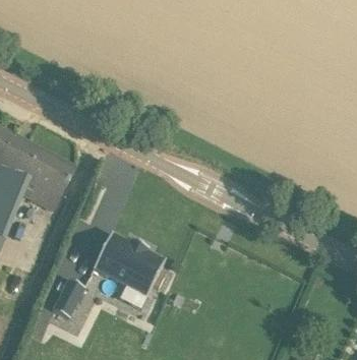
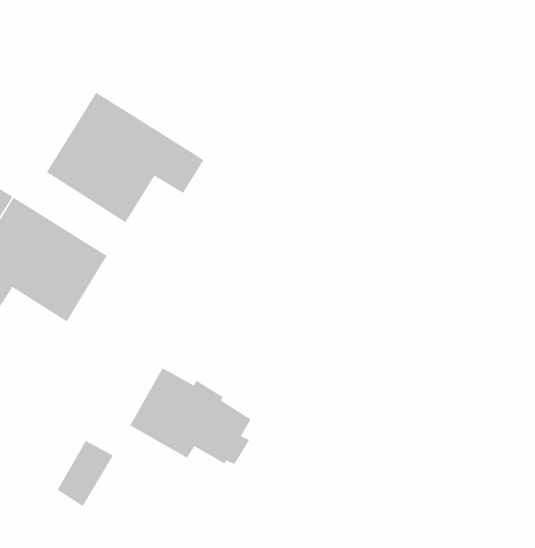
building: none -> [46,92,204,223]

